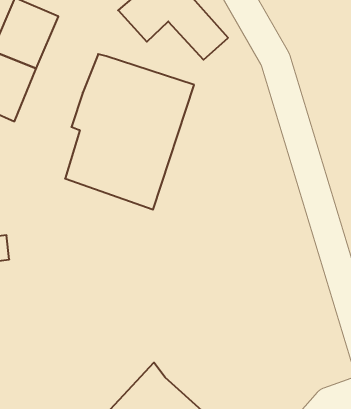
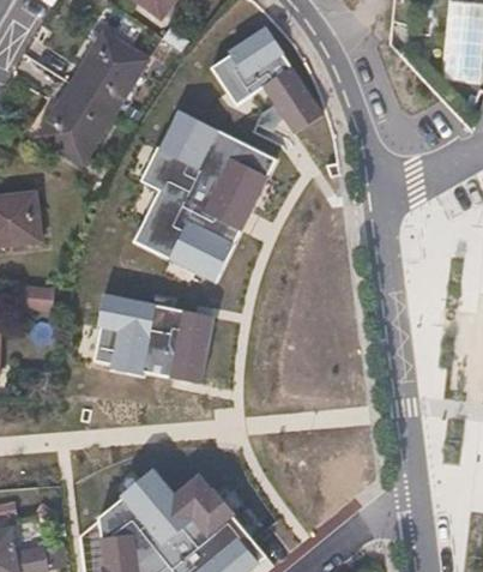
building: none -> [96,290,215,381]

